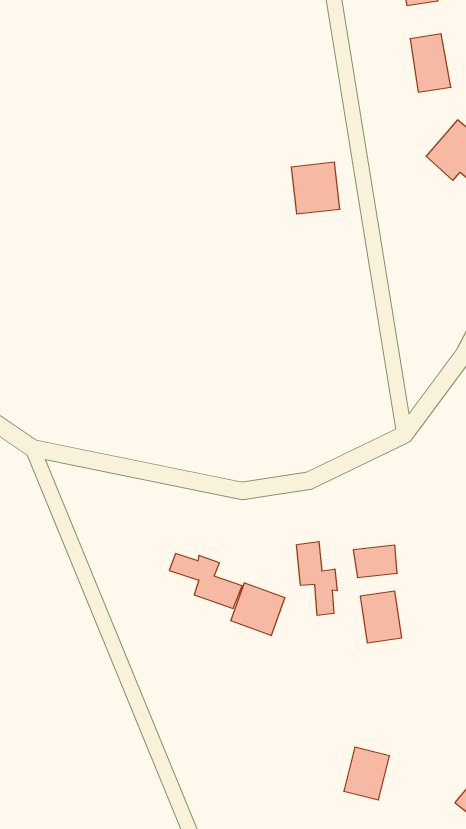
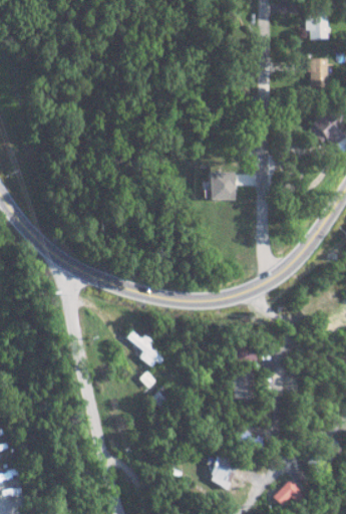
building: [291,162,340,214] -> [211,172,237,200]
building: [297,541,337,615] -> none
building: [231,583,285,636] -> none

